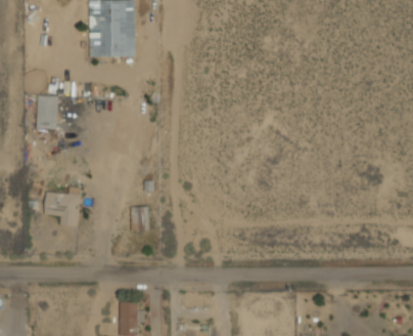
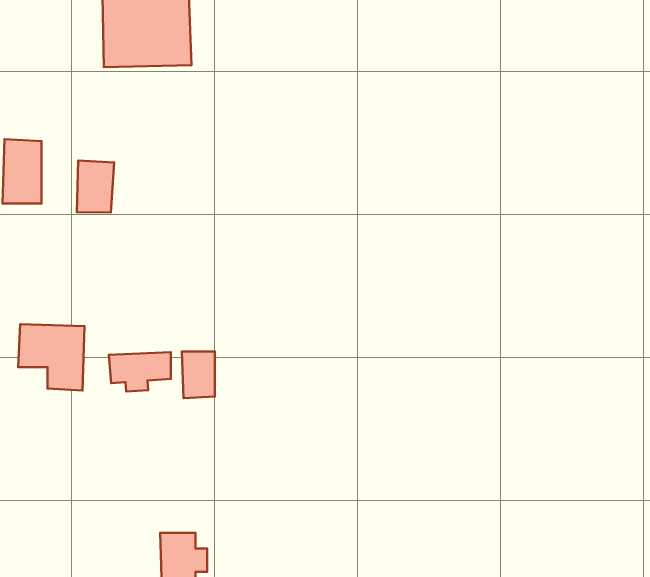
building: none -> [77,161,114,212]
building: none -> [109,352,171,392]

